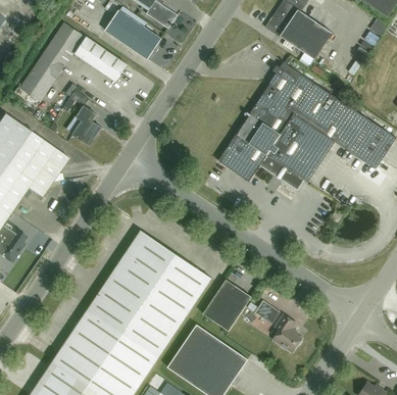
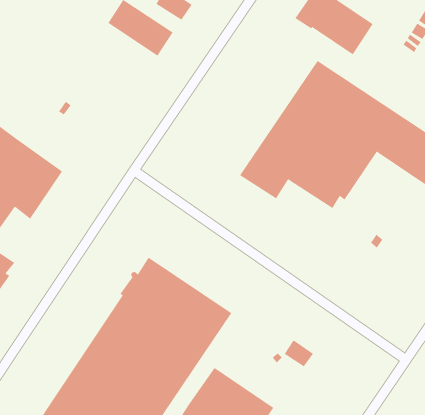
building: [18,21,127,102] -> none
building: [73,106,101,145] -> none
building: [202,279,251,331] -> none
building: [272,313,301,352] -> none

